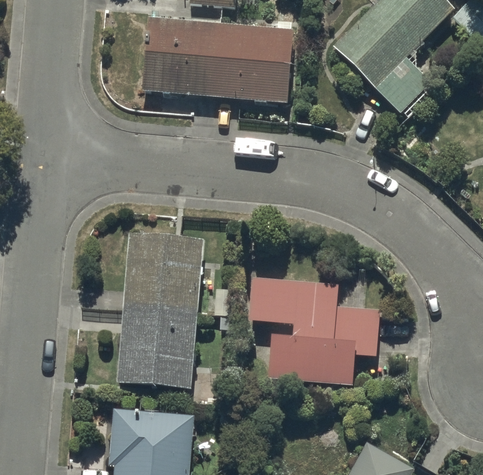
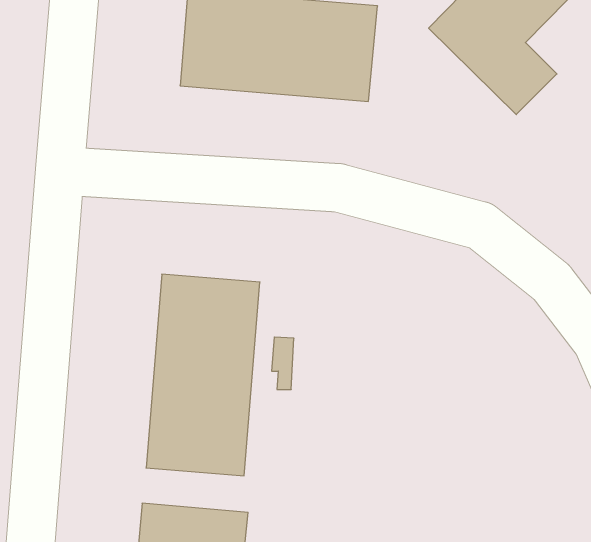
building: [251,278,380,385] -> none

